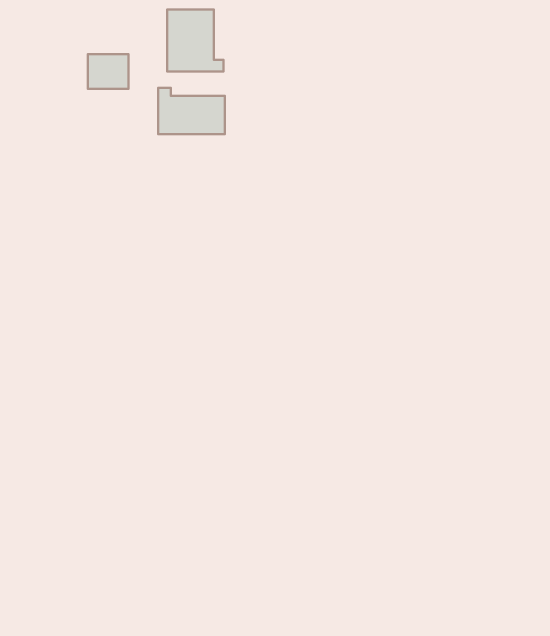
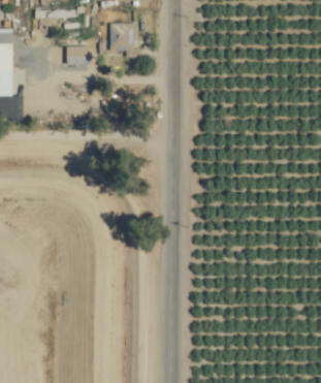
building: [158,88,225,134] -> none

